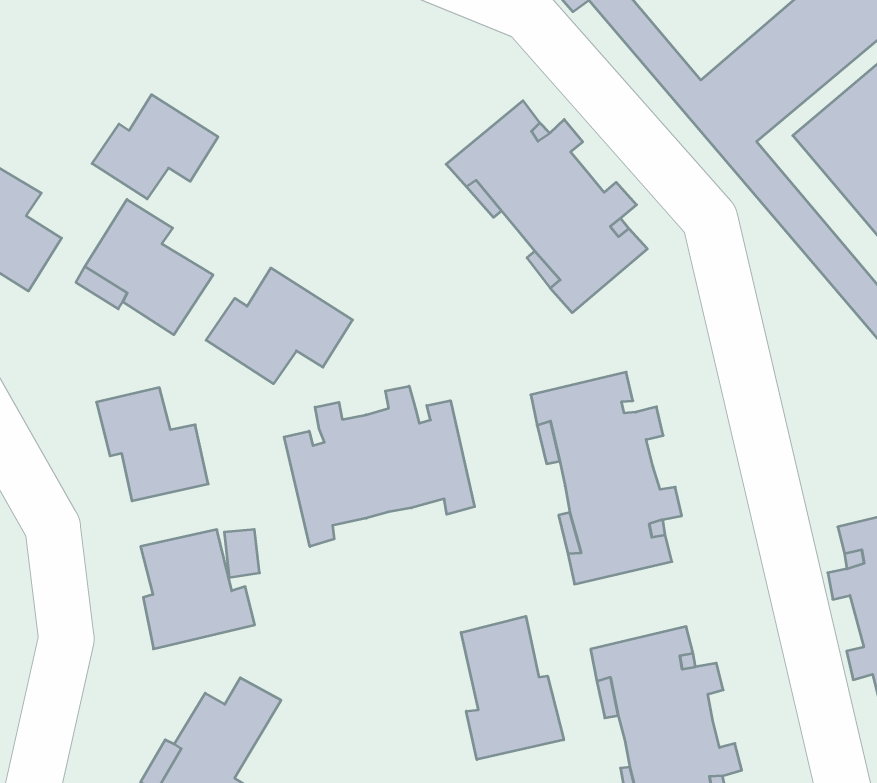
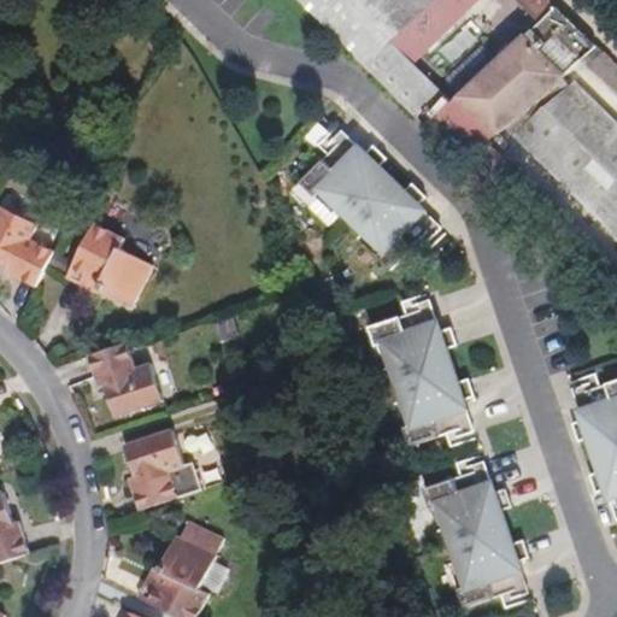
building: [92,95,218,199] -> none
building: [206,268,353,384] -> none
building: [284,386,475,547] -> none
building: [461,616,564,760] -> none

